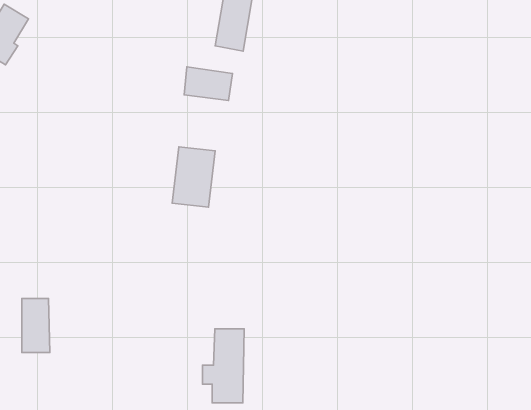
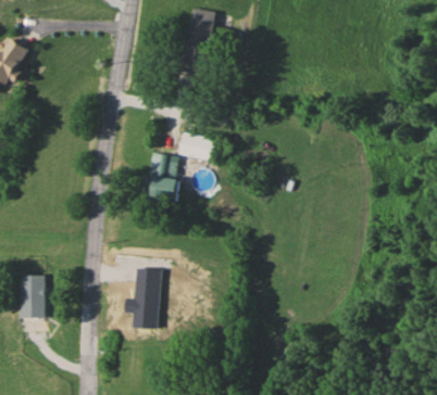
building: [184,67,232,100] -> [178,133,217,161]
building: [203,329,244,403] -> [124,269,158,329]

